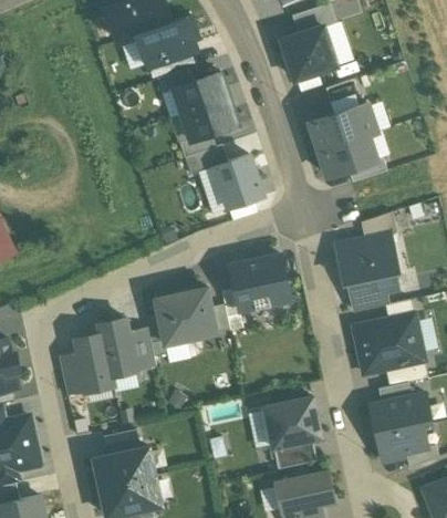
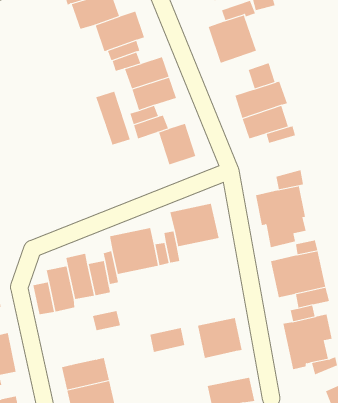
building: none -> [96,91,131,145]
building: [103,431,138,456] -> [92,310,121,331]
building: [272,439,316,470] -> [149,327,185,352]

